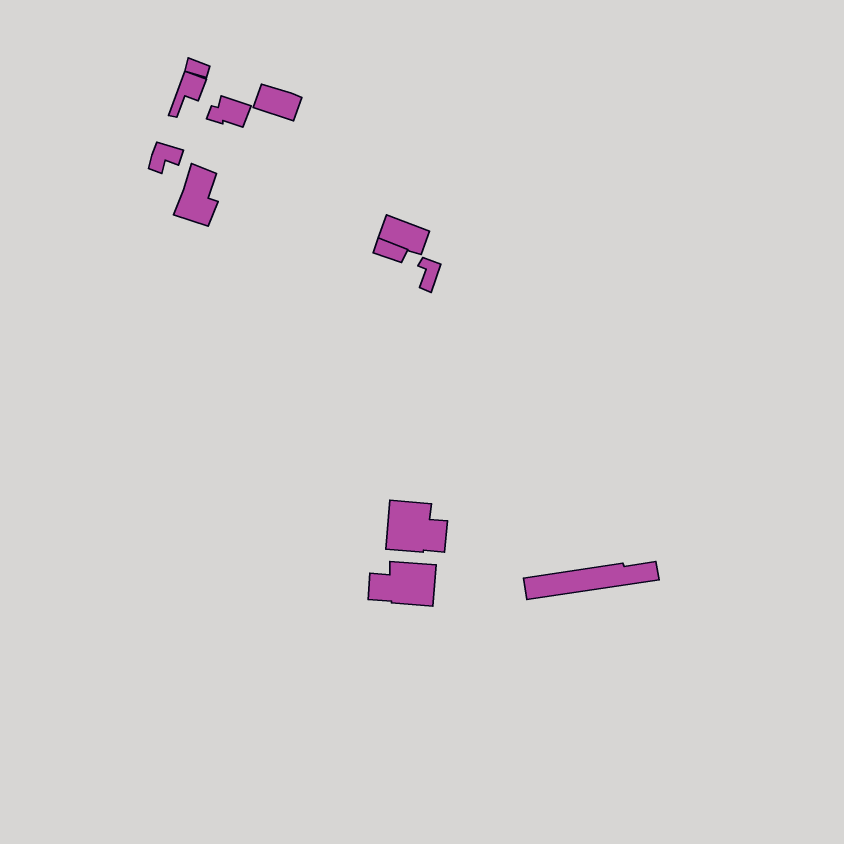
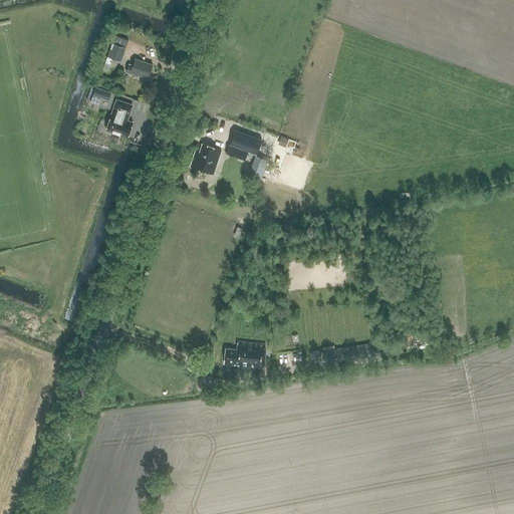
building: [253,84,302,121] -> none
building: none -> [190,144,220,174]
building: [386,500,447,552] -> none

